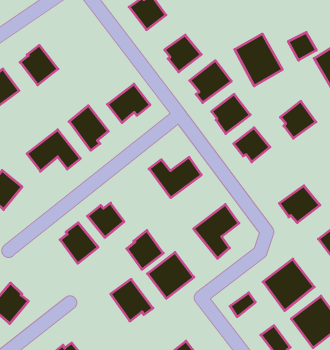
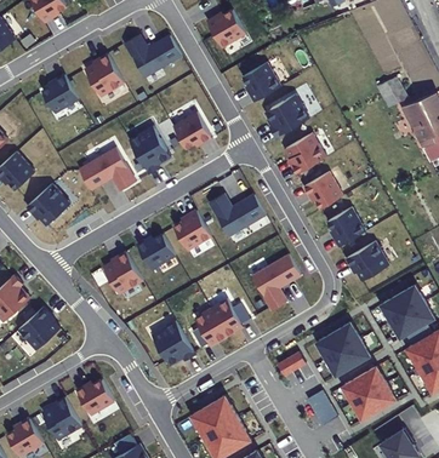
building: none -> [122,35,179,78]
building: [235,34,282,86] -> none
building: [280,101,316,138] -> [325,207,363,246]
building: [127,230,163,269] -> [171,210,210,251]

